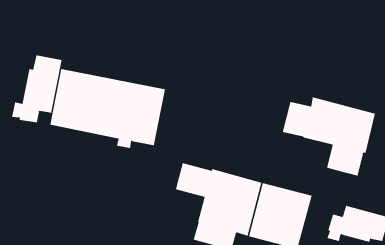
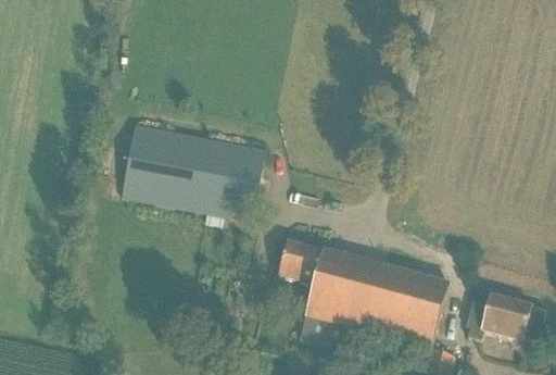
building: [11,55,62,123] -> none
building: [282,97,375,176] -> none

